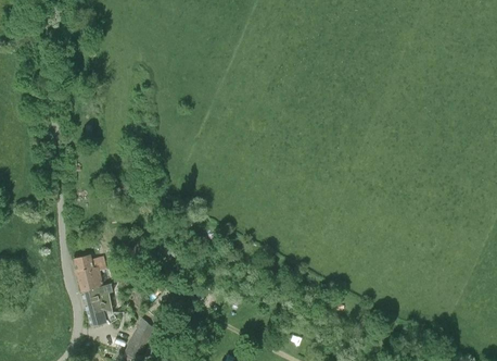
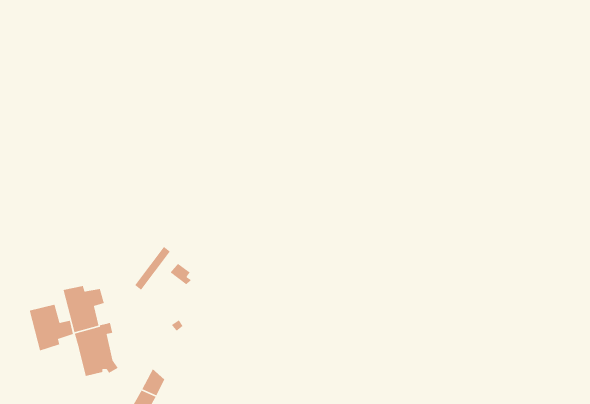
building: none -> [29,304,74,351]

